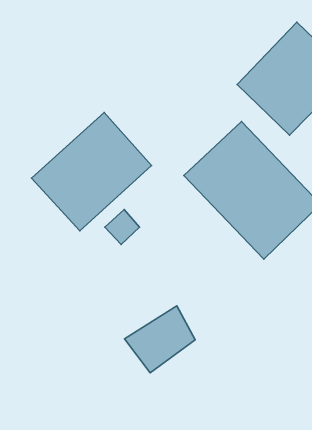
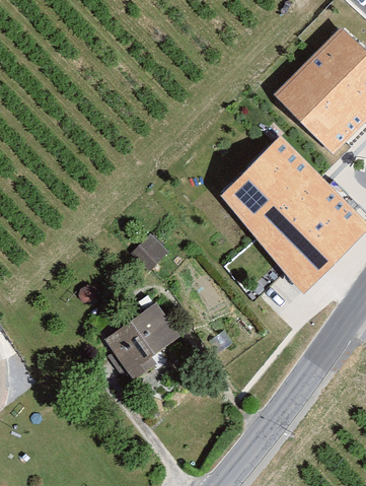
building: [31,112,152,231] -> none
building: [124,306,195,373] -> [99,303,177,377]

